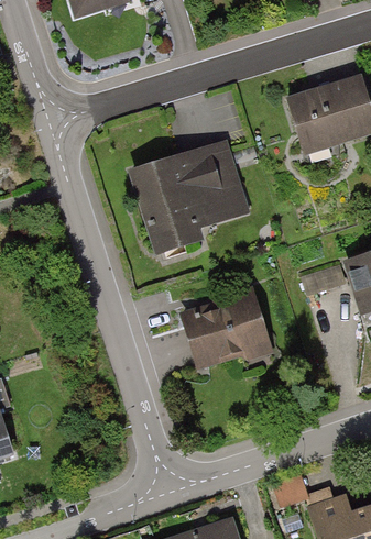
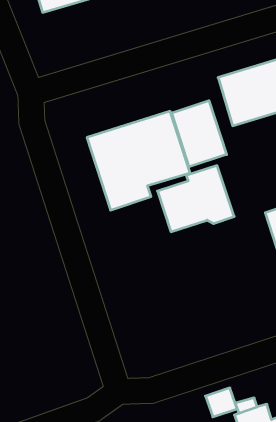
building: none -> [172,101,227,167]
building: [181,289,274,370] -> [157,166,234,232]

